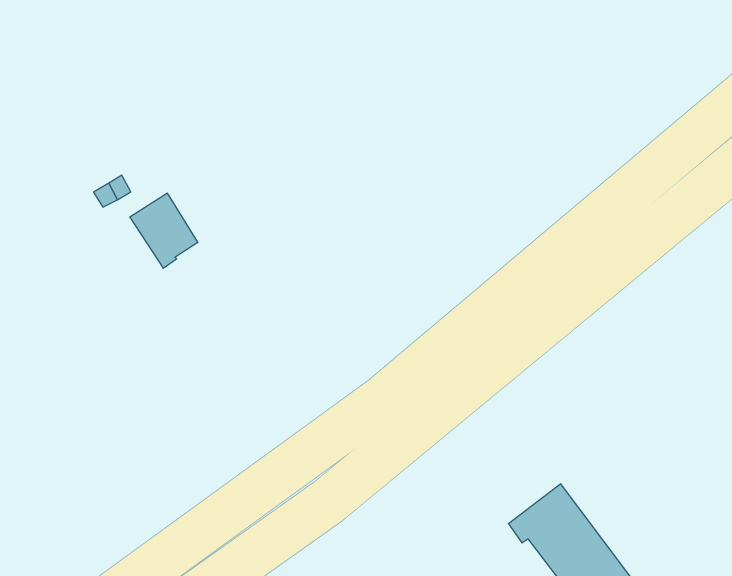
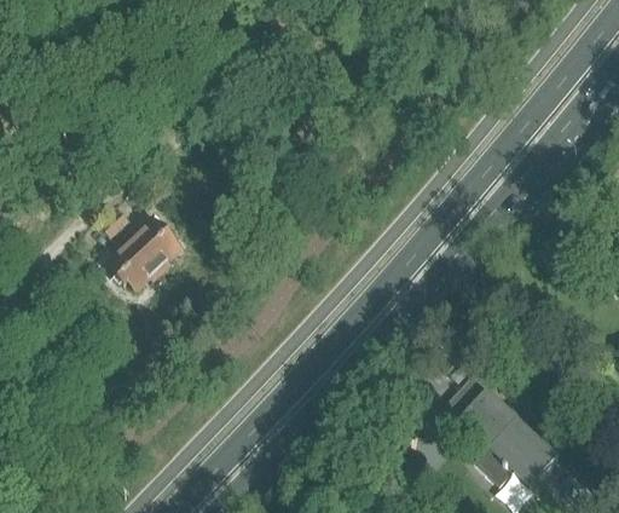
building: none -> [110,238,163,290]

